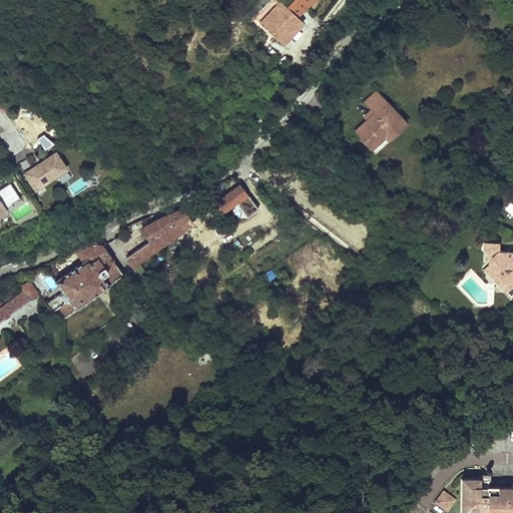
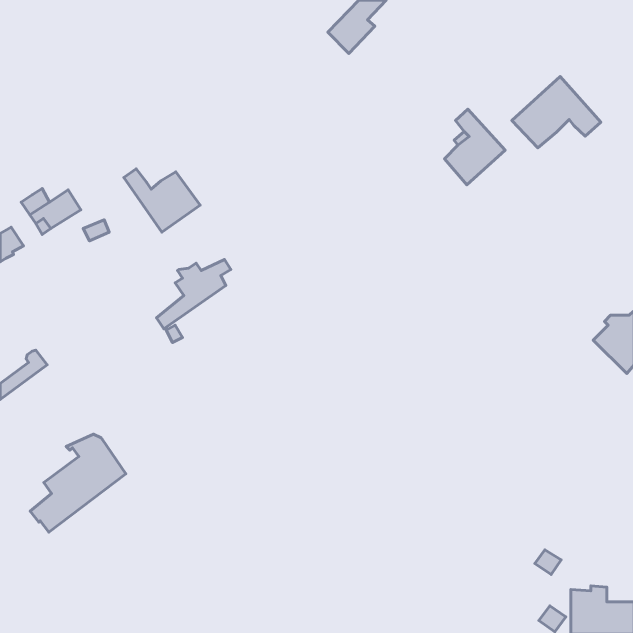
building: none -> [512,77,601,148]
building: none -> [124,169,200,232]
building: [213,185,258,218] -> none
building: [45,242,122,322] -> [30,434,126,532]

